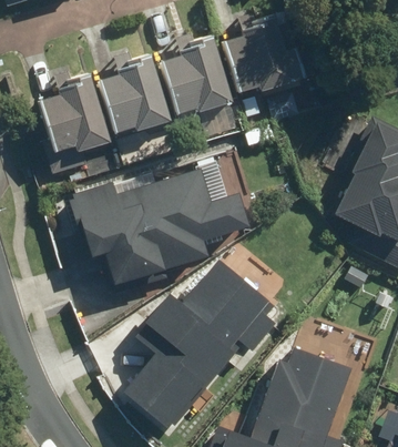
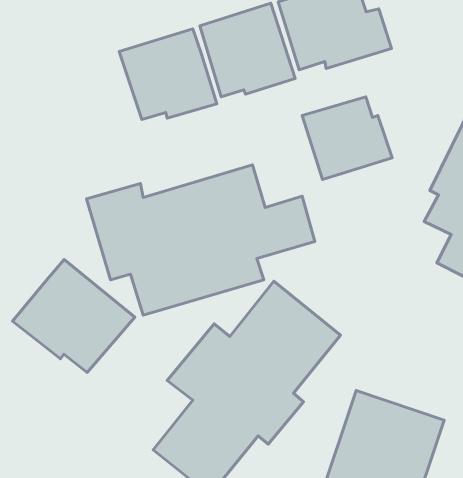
building: [35,80,114,153] -> none
building: none -> [302,97,392,179]
building: none -> [13,259,135,373]

